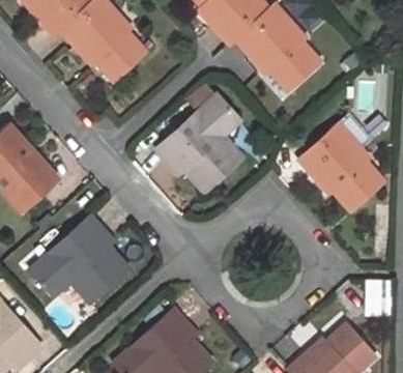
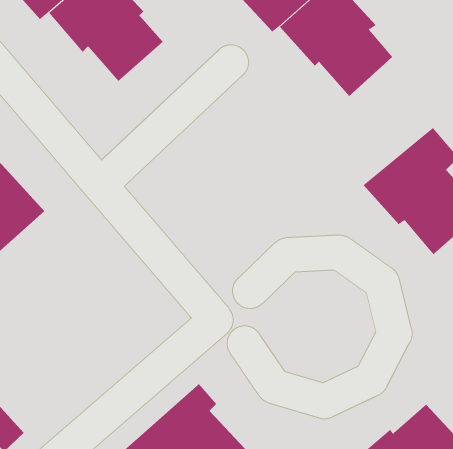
building: [155,92,244,193] -> none
building: [29,213,128,303] -> none

